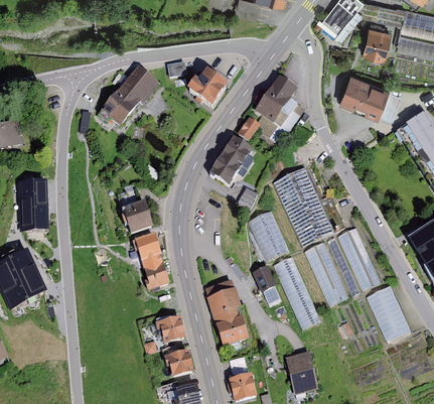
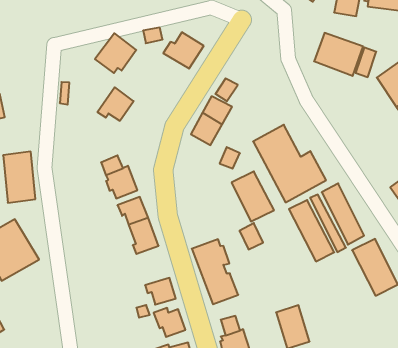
building: [256,77,304,144] -> none
building: [98,90,135,124] -> [97,87,134,121]
building: [272,258,320,332] -> none

